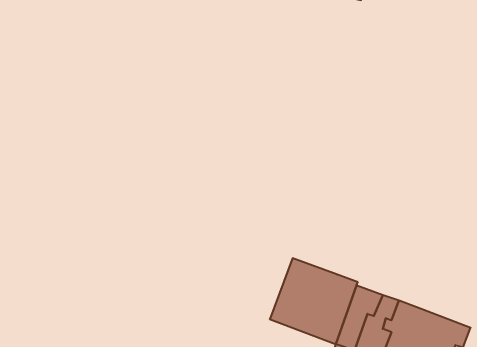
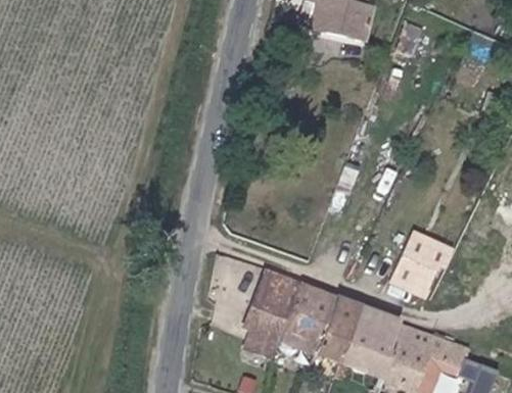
building: none -> [386,238,450,298]
building: none -> [245,269,299,358]

